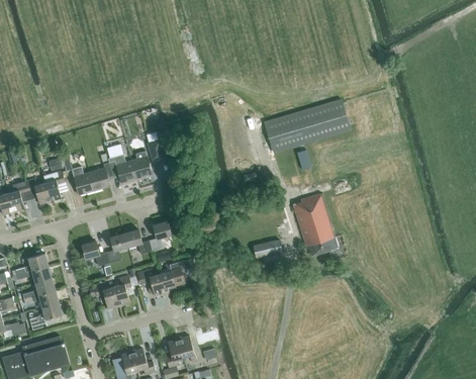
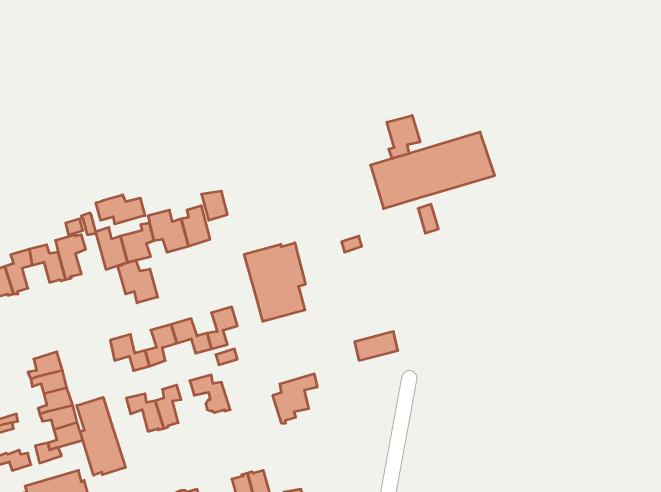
building: none -> [387,115,420,159]
building: none -> [96,195,145,224]
building: none -> [244,243,305,321]
building: none -> [118,260,158,303]
building: [293,193,339,256] -> none
building: [160,259,191,293] -> [273,374,317,423]
building: none -> [77,397,125,475]

